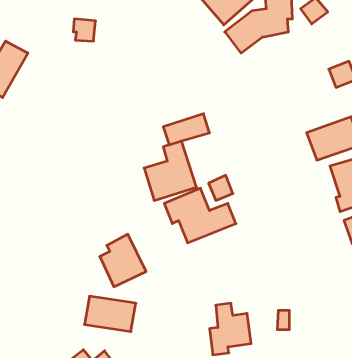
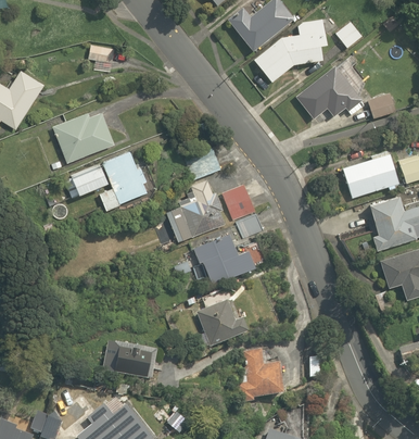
building: none -> [296,64,361,117]
building: none -> [53,111,117,164]
building: none -> [67,149,148,206]
building: none -> [223,181,256,218]
building: [100,234,146,287] -> [198,290,247,347]

